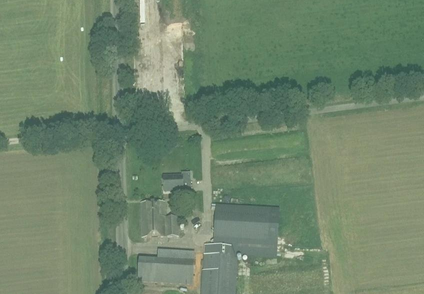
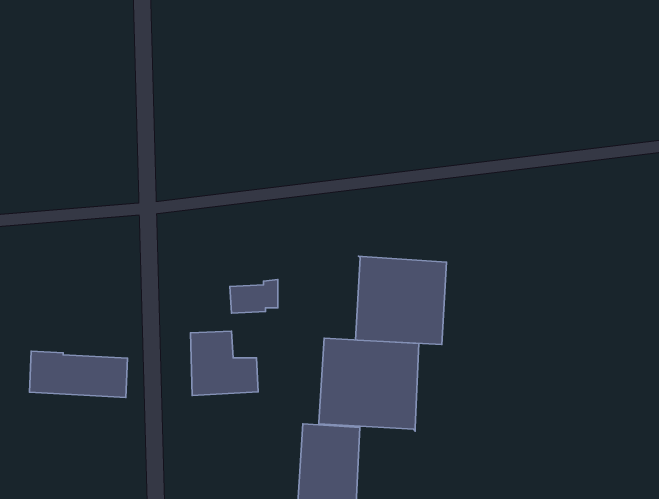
building: none -> [356,256,446,344]
building: [139,256,194,282] -> [29,351,128,398]

